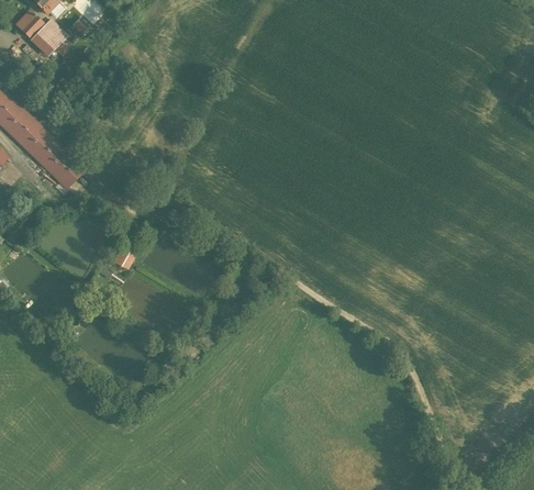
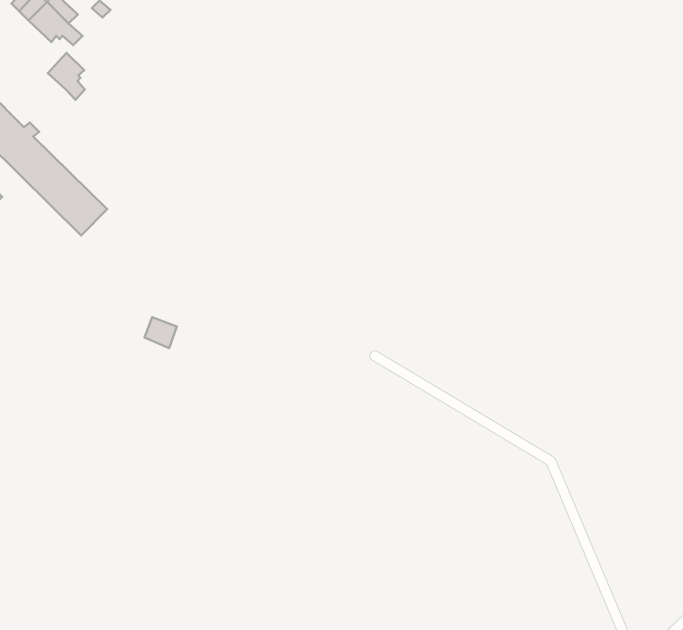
building: none -> [48,53,85,100]

